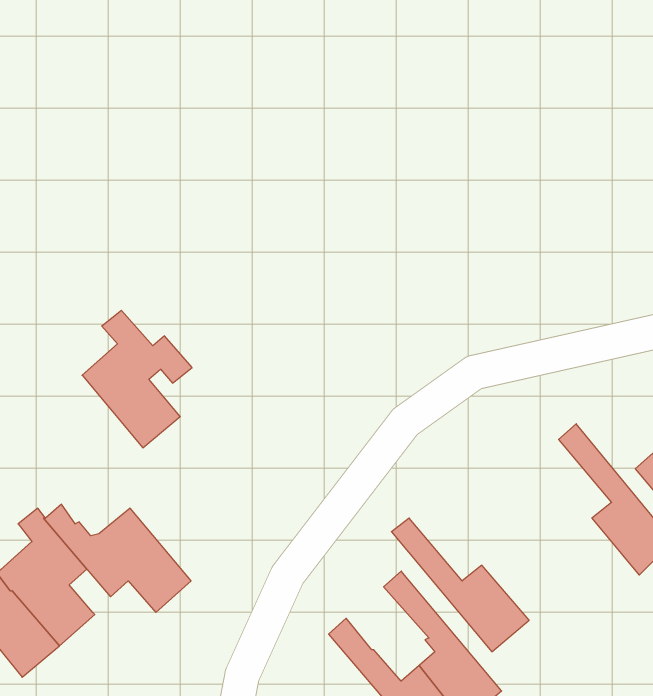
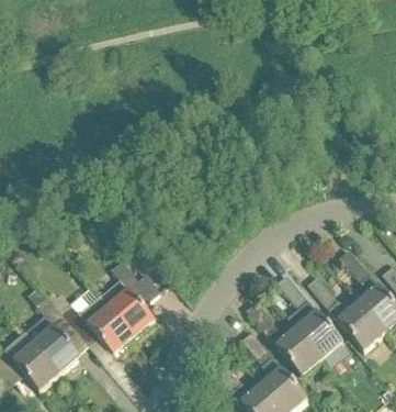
building: [82,310,192,448] -> [99,259,160,336]
building: none -> [275,275,342,358]
building: none -> [306,275,383,350]

